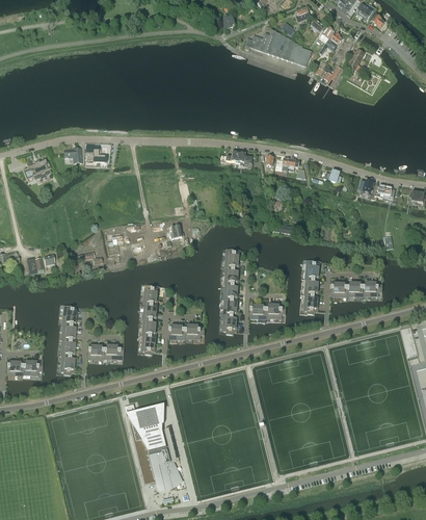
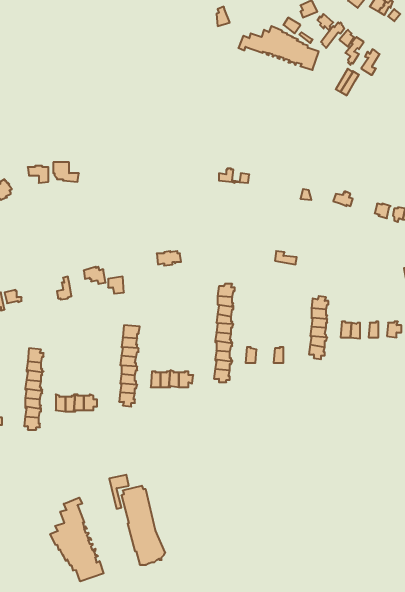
building: none -> [50,498,104,581]

